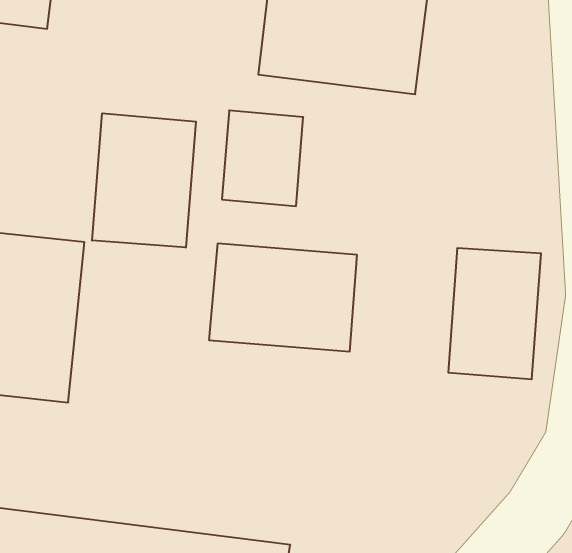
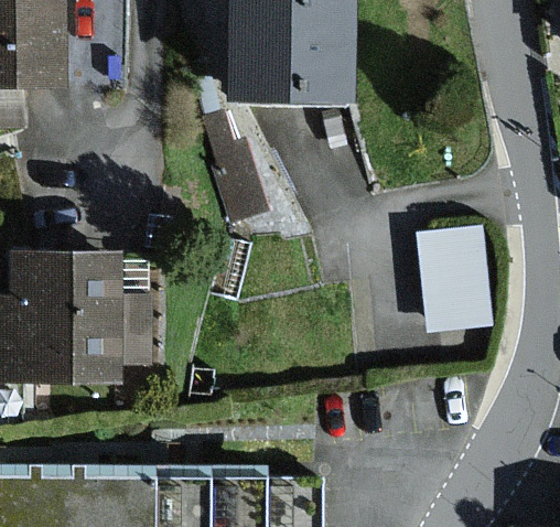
building: [92,113,196,248] -> none
building: [209,243,357,352] -> none

